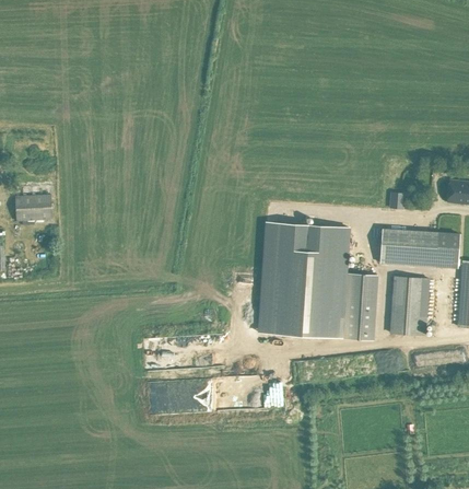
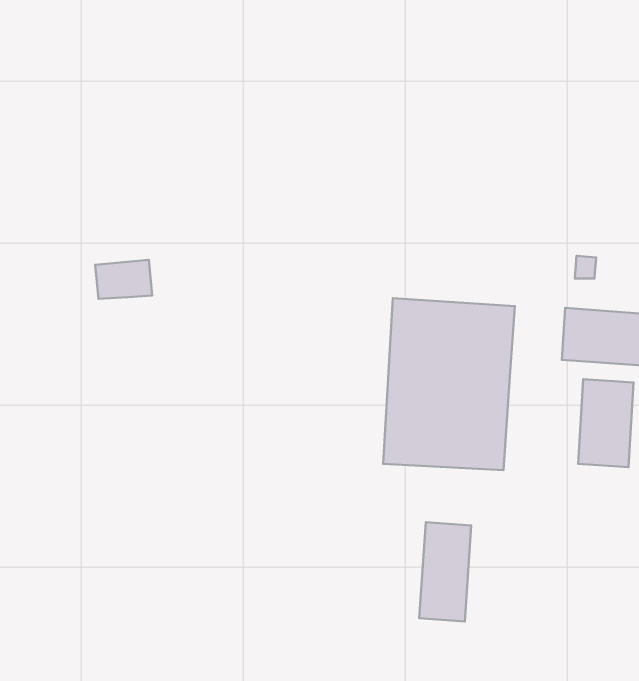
building: [15,194,54,220] -> [95,260,152,299]
building: [341,272,376,339] -> [419,522,471,621]

